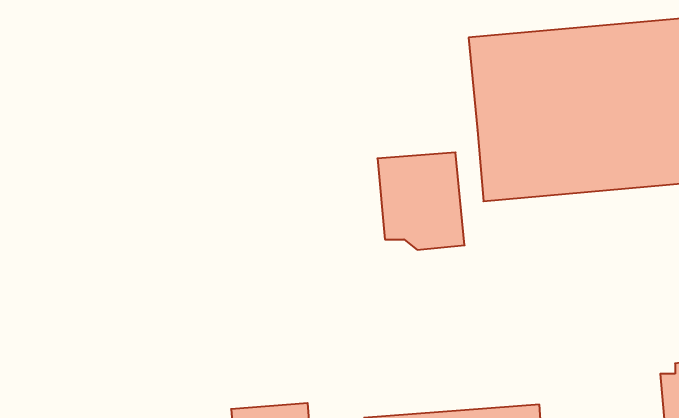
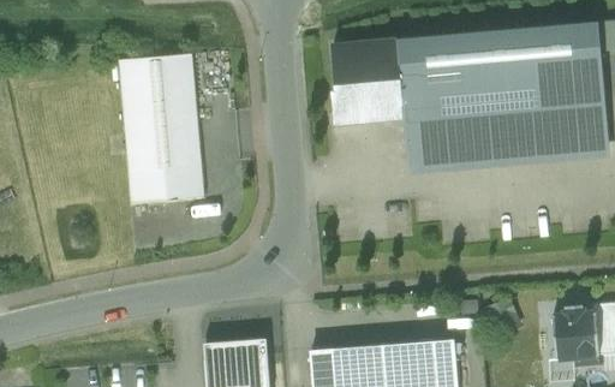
building: none -> [118,52,204,203]
building: [377,152,465,250] -> [333,40,404,119]

